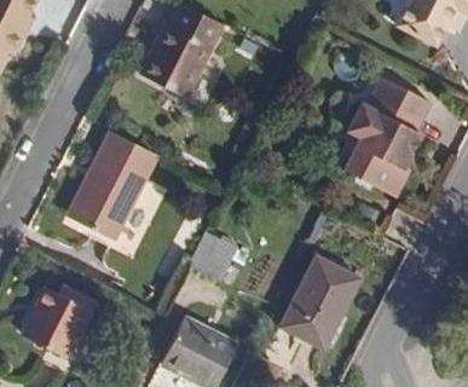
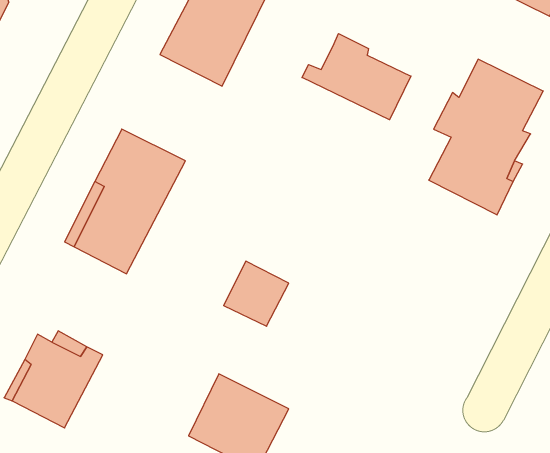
building: none -> [302,34,411,120]
building: [281,256,359,348] -> none

